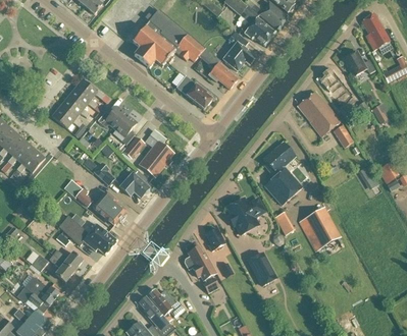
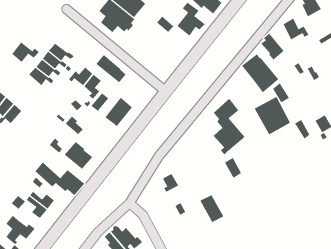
building: [176,34,205,61] -> none
building: [208,61,239,89] -> none
building: [176,75,212,109] -> [96,54,127,83]
building: none -> [11,41,40,63]
building: [119,172,150,198] -> none
building: [227,197,265,234] -> none
building: [298,207,341,251] -> [254,96,291,135]
building: [184,246,218,292] -> none

